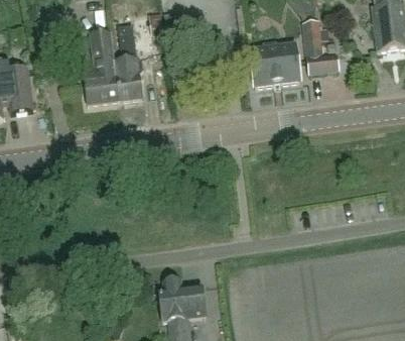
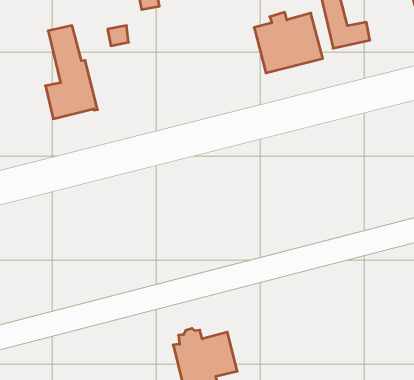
building: [116,25,141,99] -> none

